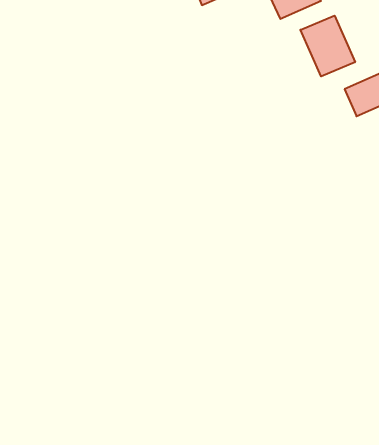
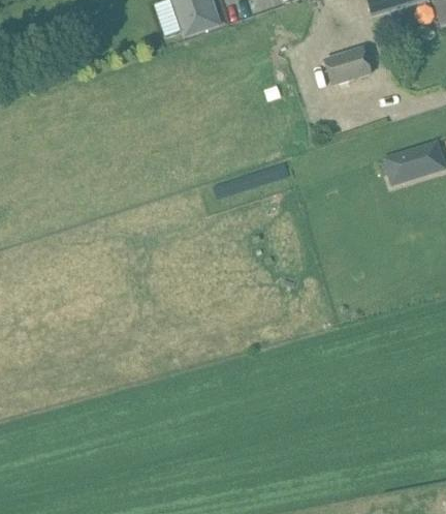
building: [300,16,355,76] -> none

